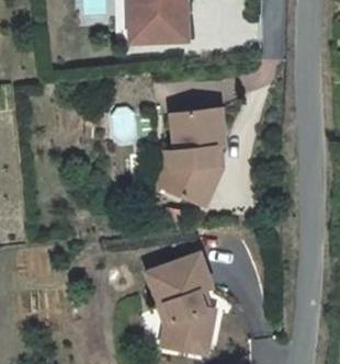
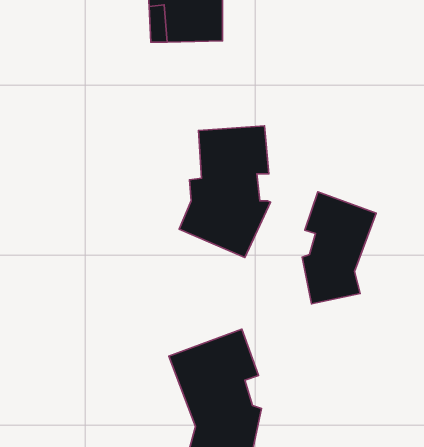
building: none -> [302,192,376,304]

